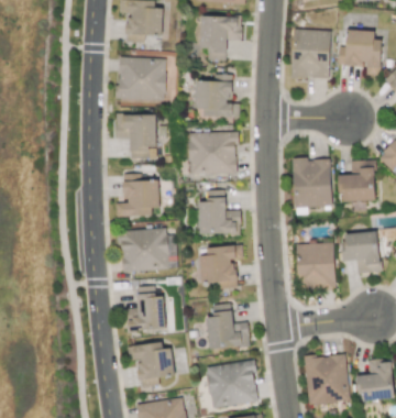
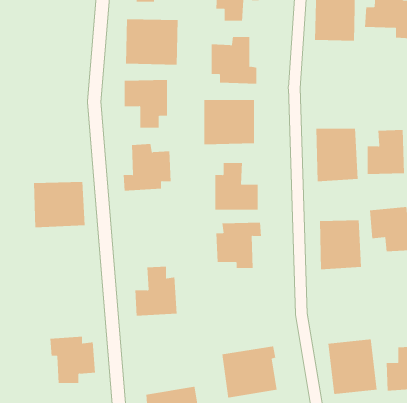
building: [120,229,168,272] -> [33,182,86,228]
building: [206,302,250,350] -> none
building: [131,342,174,386] -> [49,336,96,384]

